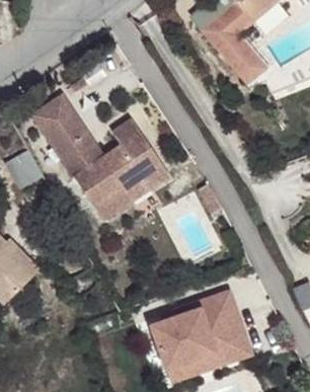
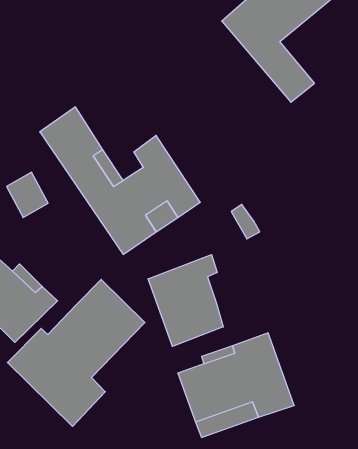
building: none -> [148,255,223,346]
building: none -> [7,279,145,426]

